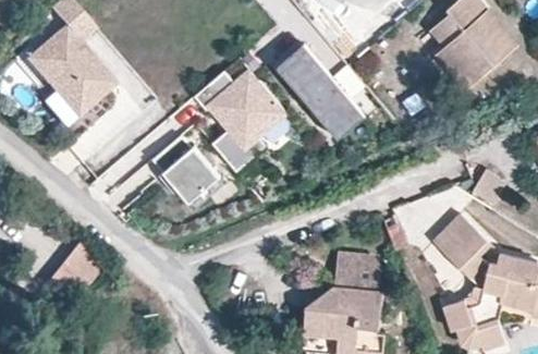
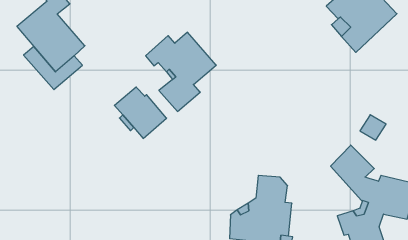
building: [274,41,365,138] -> none
building: [49,243,106,301] -> none

